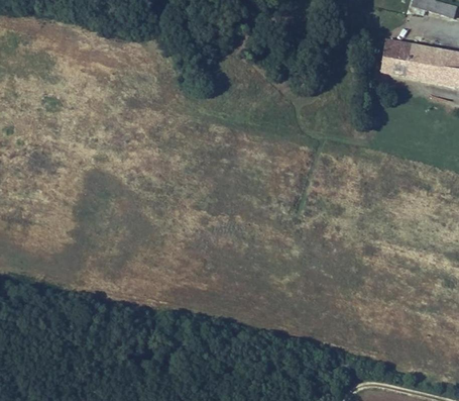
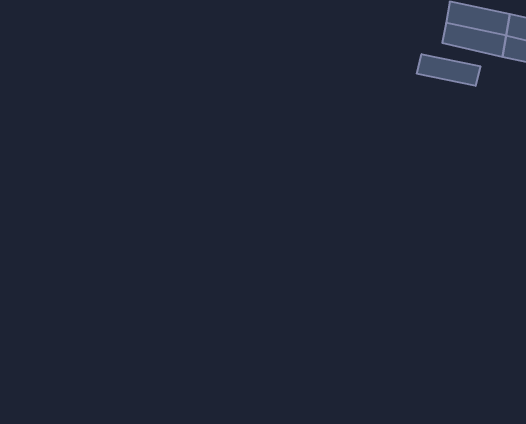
building: none -> [417,54,480,86]

